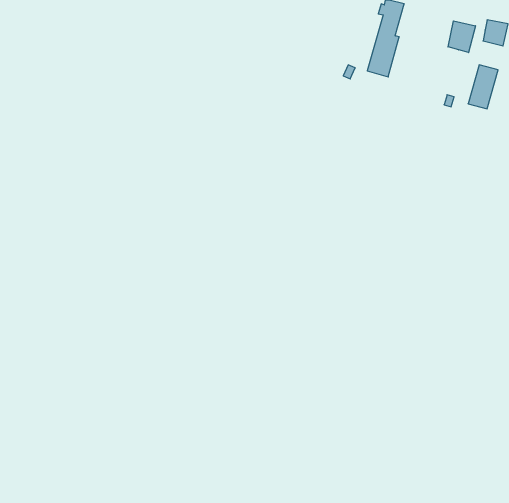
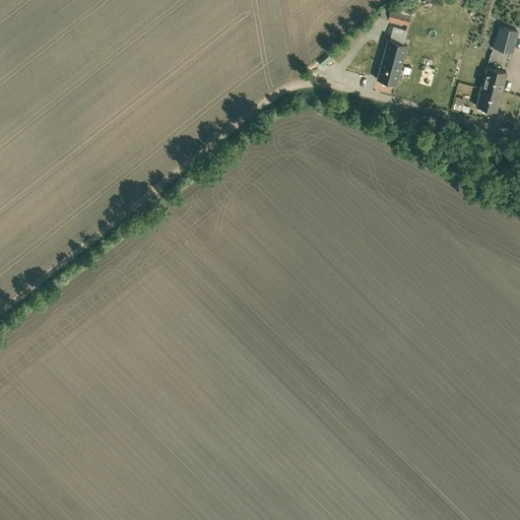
building: [448,21,475,53] -> none

